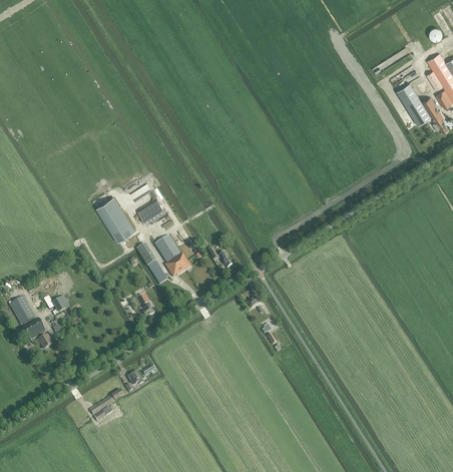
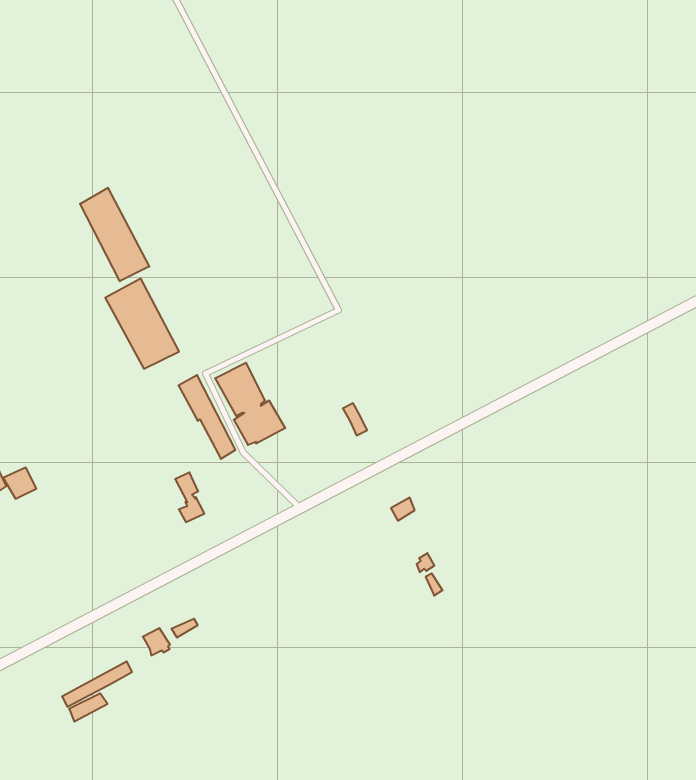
building: none -> [80,188,149,281]
building: [137,198,164,224] -> none

